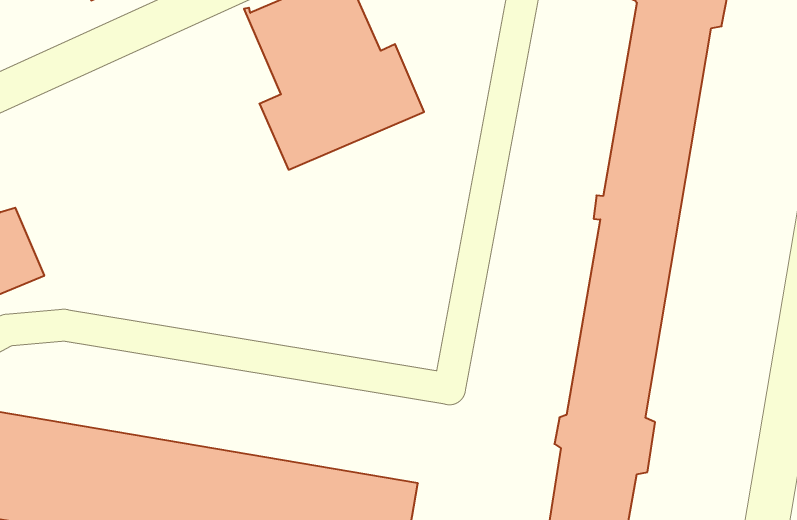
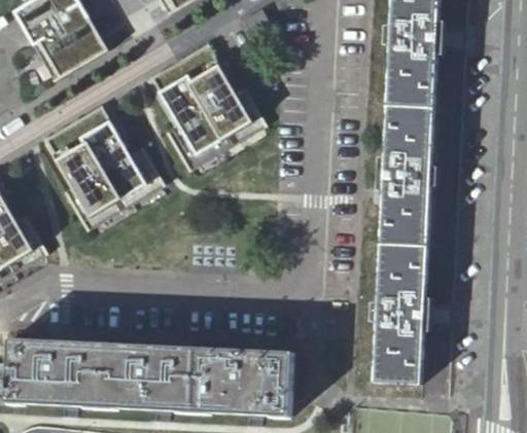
building: none -> [43,105,165,230]

